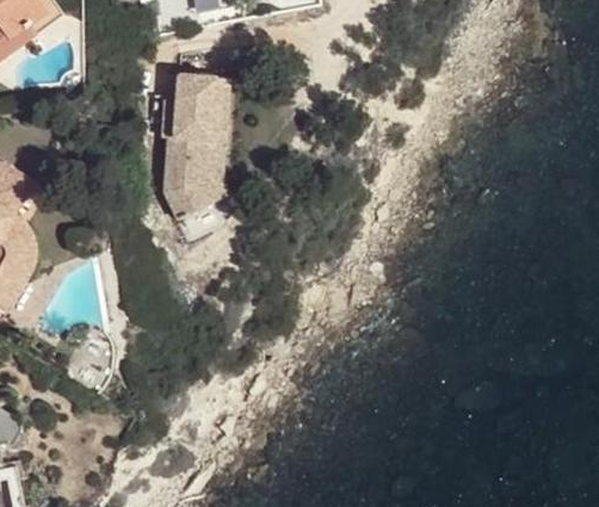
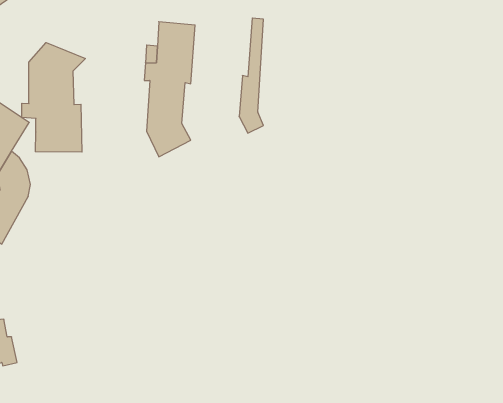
building: [200,78,227,202] -> [239,18,263,133]
building: none -> [22,43,85,152]

